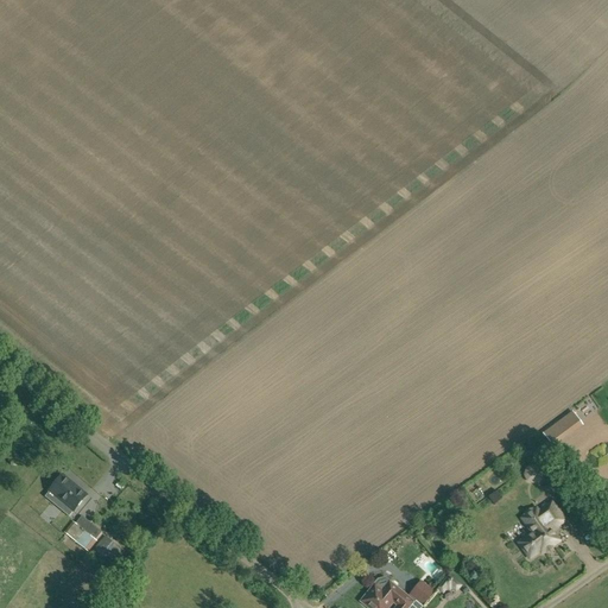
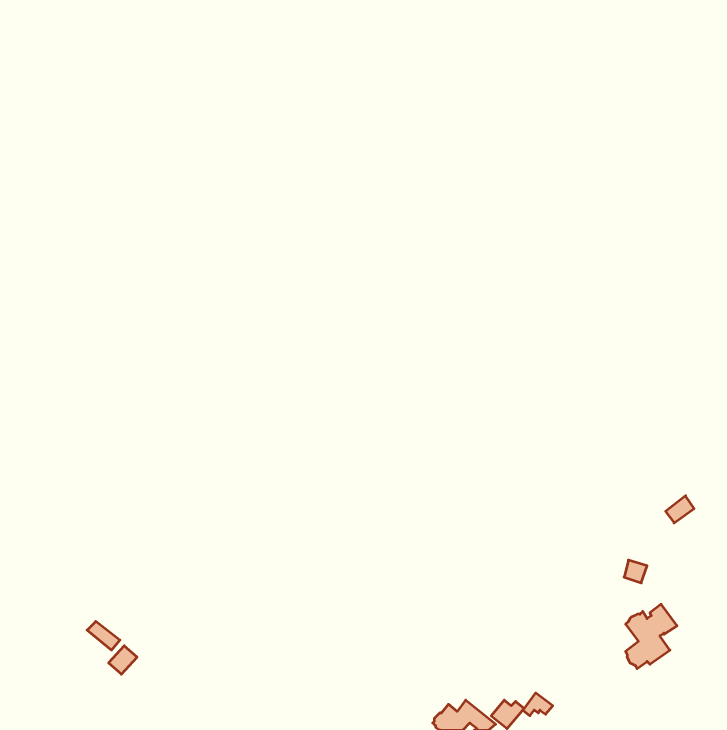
building: [46,476,84,512] -> none

